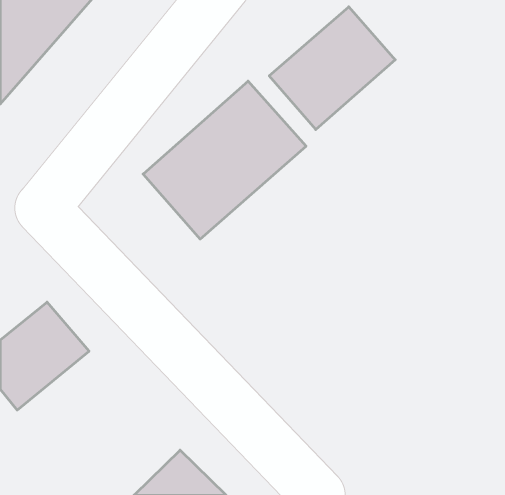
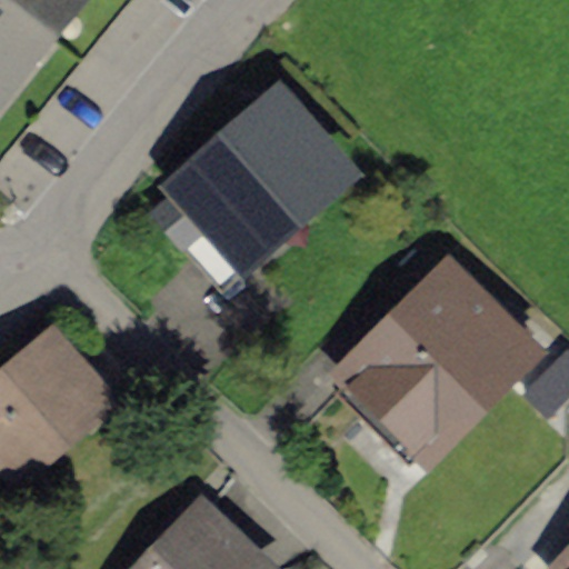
building: [269,7,395,130] -> none
building: none -> [336,260,532,457]

